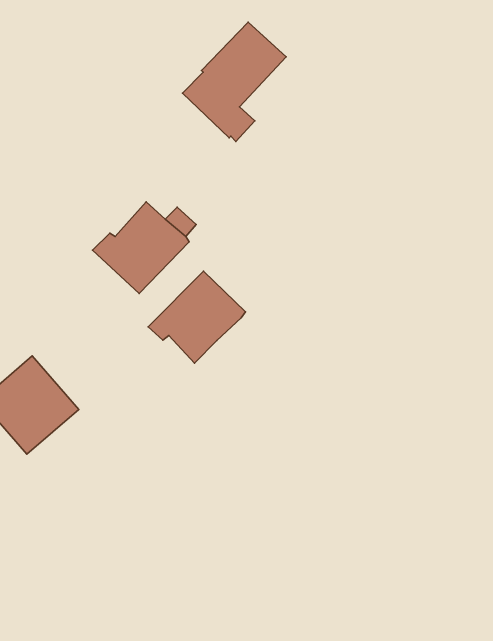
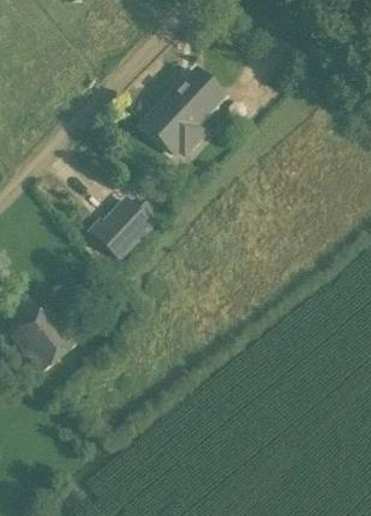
building: [148,271,246,363] -> none

